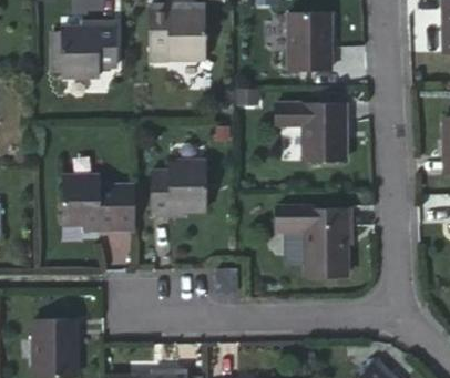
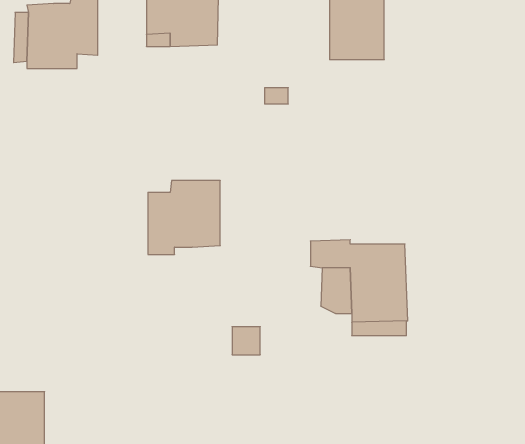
building: [275,103,345,162] -> none
building: [62,174,135,231] -> none

